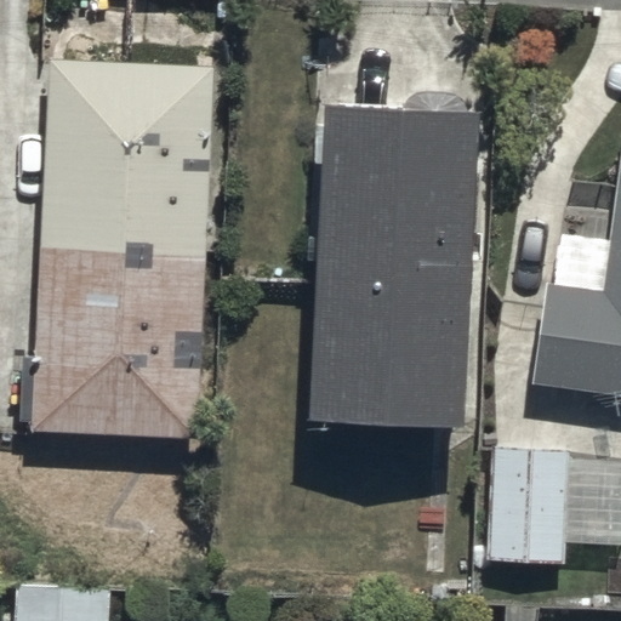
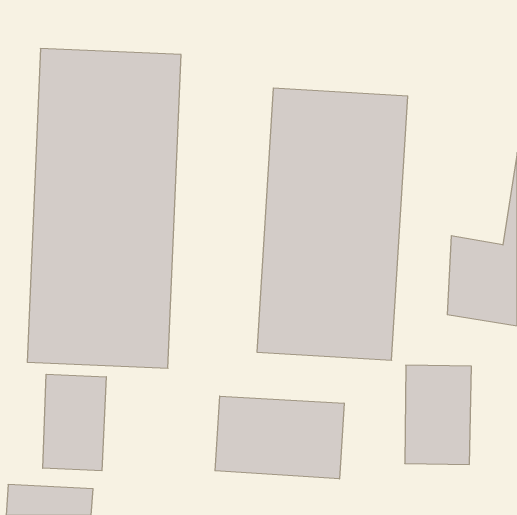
building: none -> [43,374,106,471]
building: none -> [215,396,344,479]

